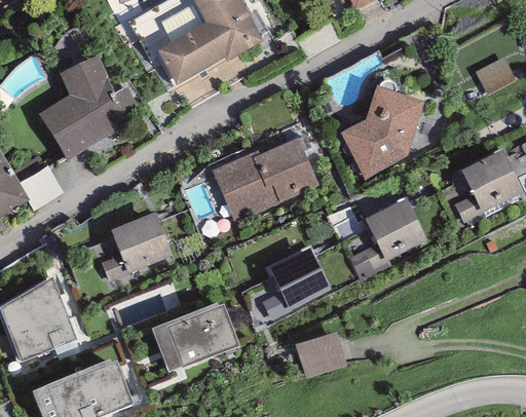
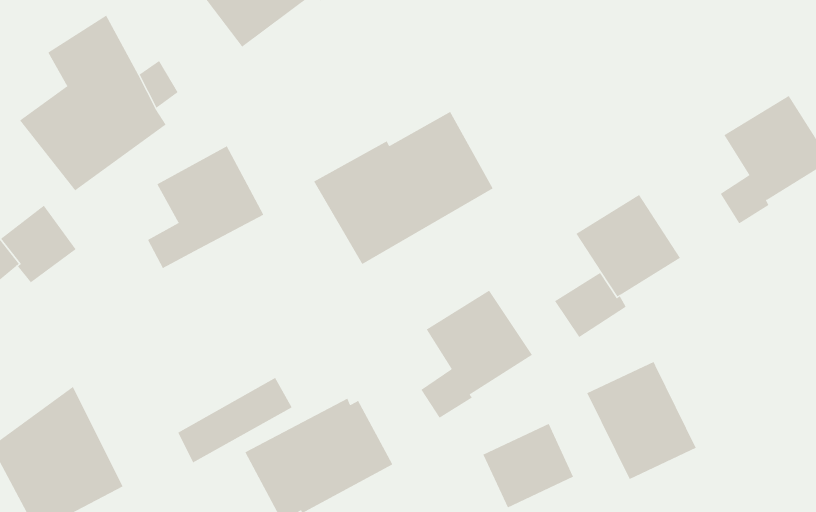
building: [339,85,423,179] -> none
building: [101,212,173,281] -> [147,145,264,269]
building: none -> [587,361,697,480]

